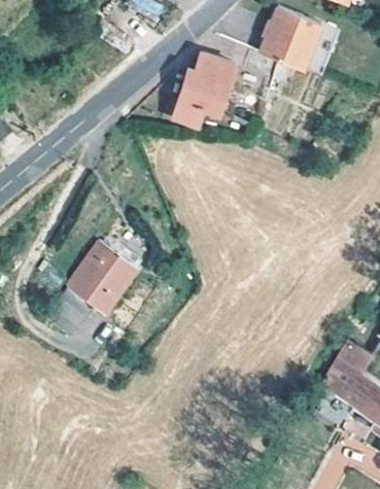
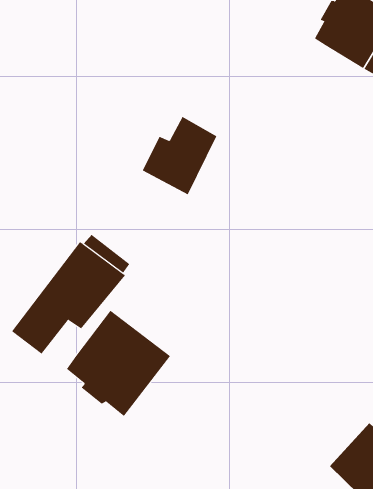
building: [176,55,231,115] -> [142,116,217,195]
building: none -> [66,310,171,417]

